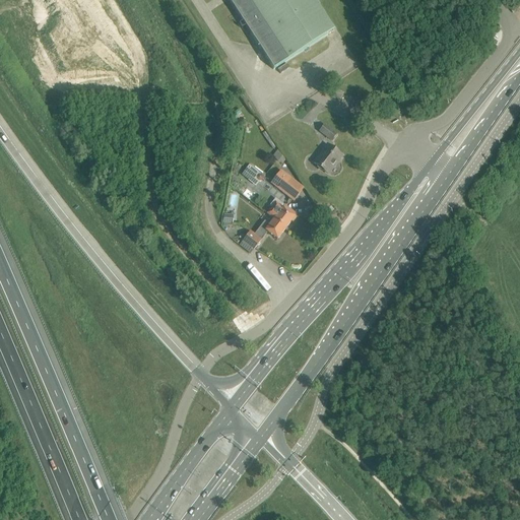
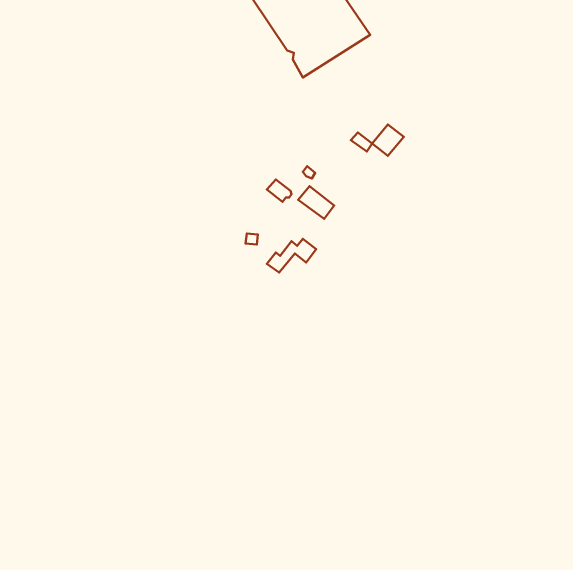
building: [314,142,342,171] -> [372,125,404,156]
building: [266,196,297,225] -> none

